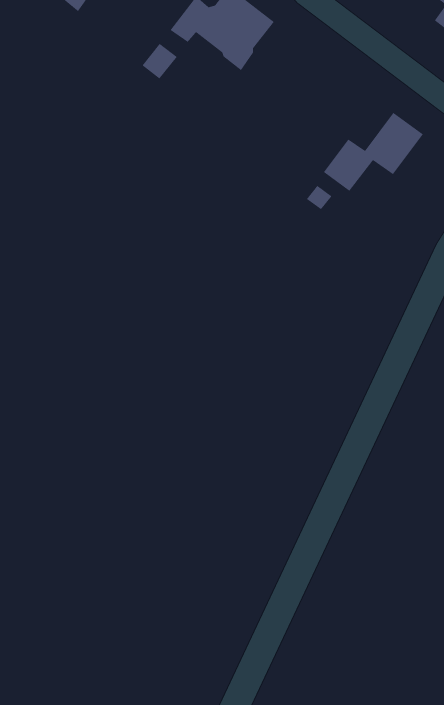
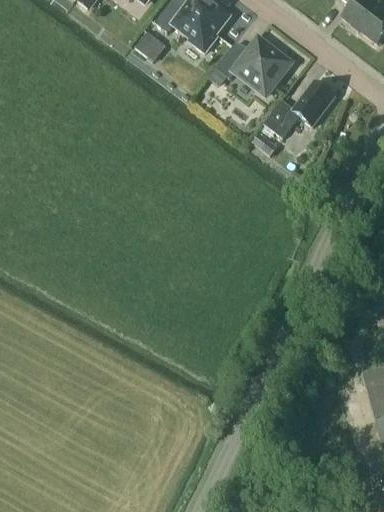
building: none -> [218,38,292,94]

